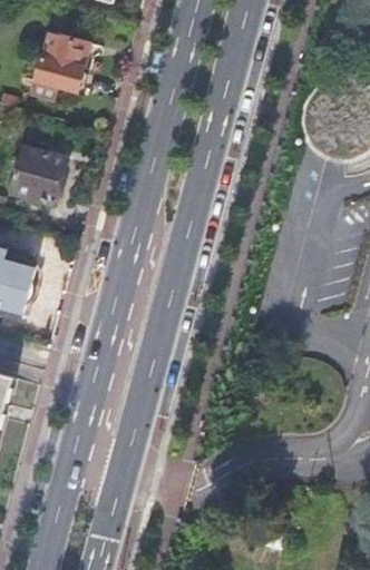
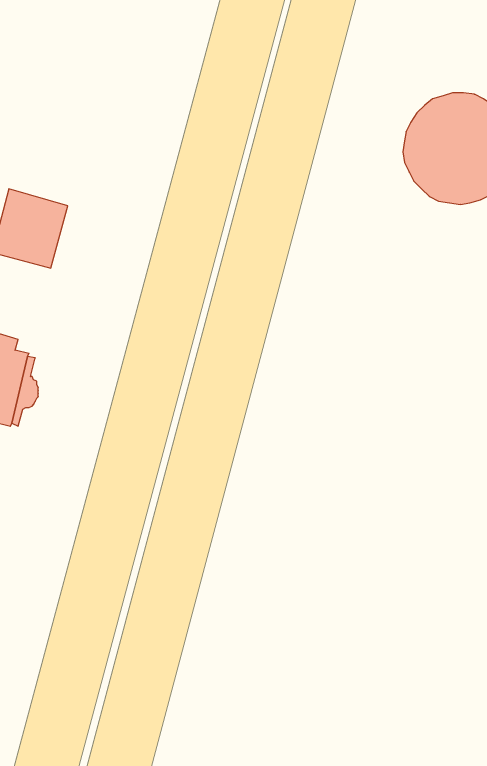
building: [35,32,87,90] -> none

